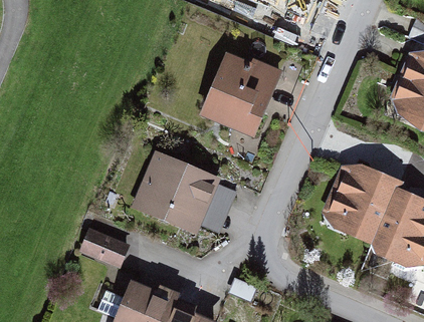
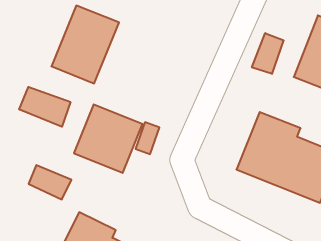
building: [196,45,275,136] -> [51,6,119,83]
building: none -> [252,33,284,74]
building: none -> [19,87,70,127]

